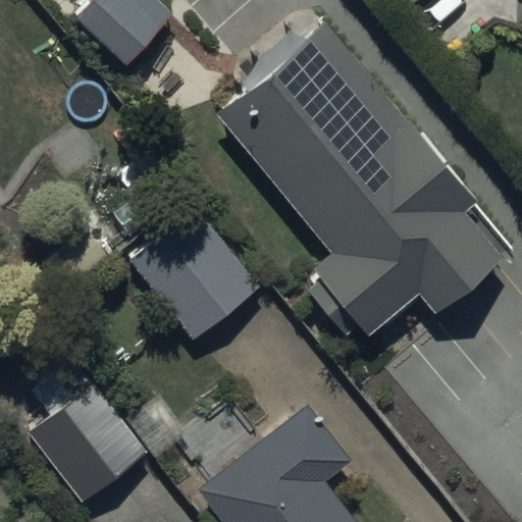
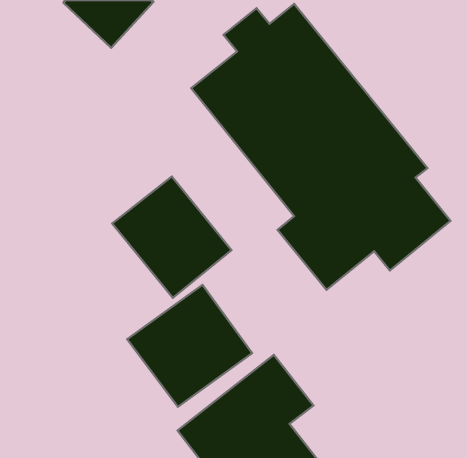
building: none -> [127,285,252,407]
building: [28,363,143,505] -> none

